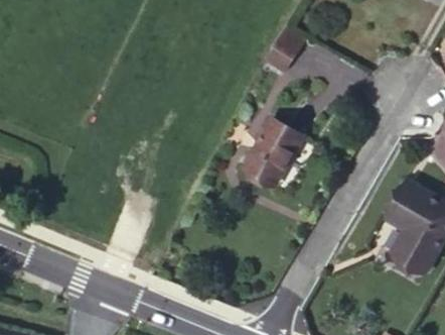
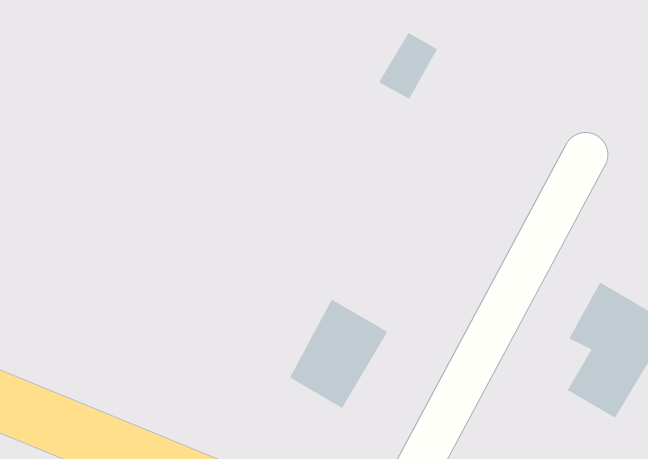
building: [243,111,306,182] -> [289,299,388,409]

